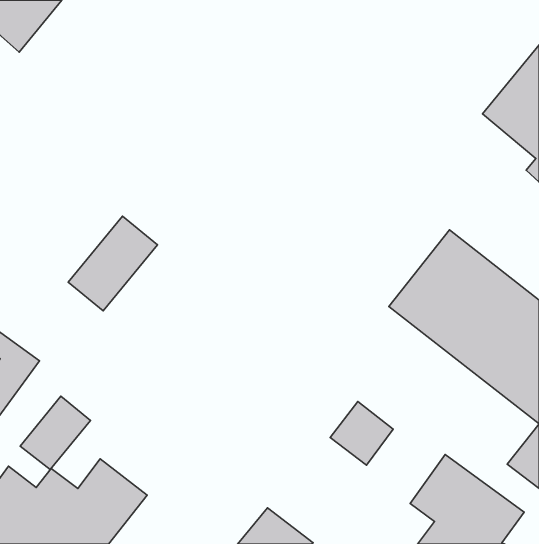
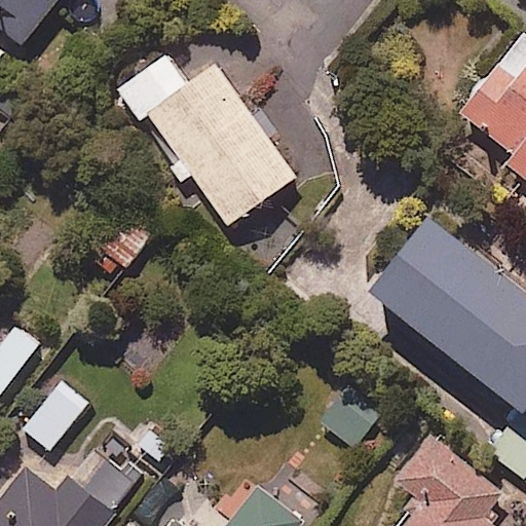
building: none -> [121,57,298,233]

